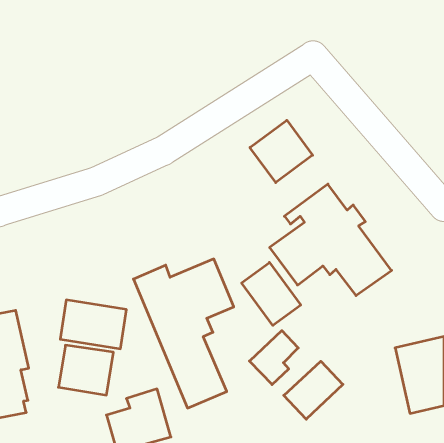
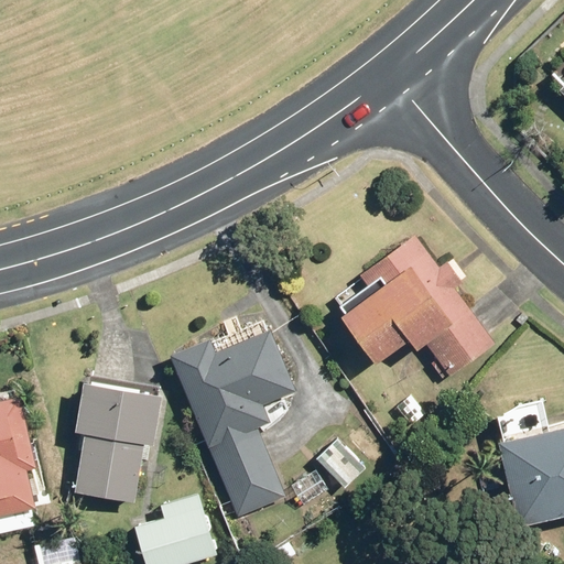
building: [250,120,313,183] -> none
building: [242,262,301,325] -> none
building: [284,361,343,419] -> none

